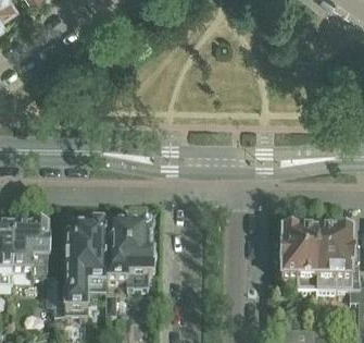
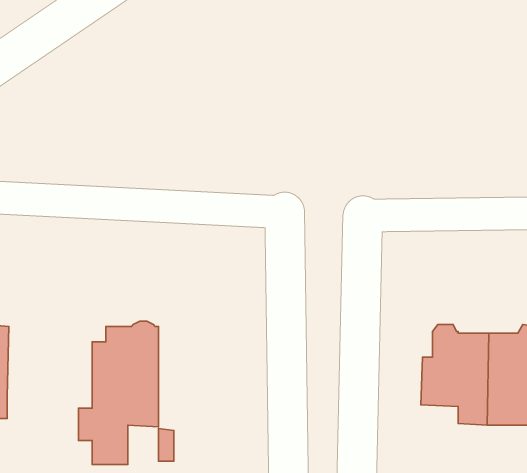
building: [11,216,49,272] -> none
building: [108,218,155,282] -> none

